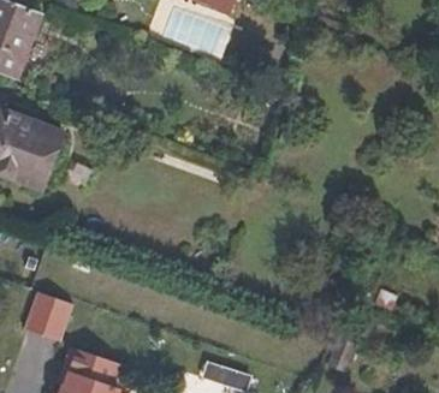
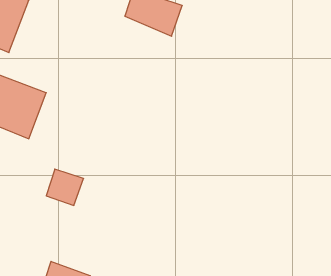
building: [26,292,73,338] -> [46,169,84,205]

